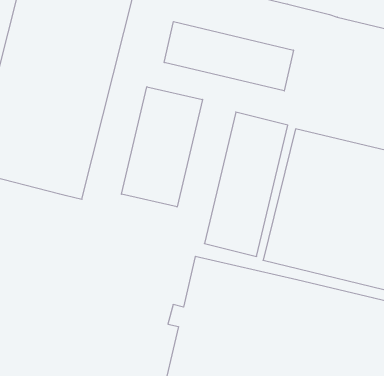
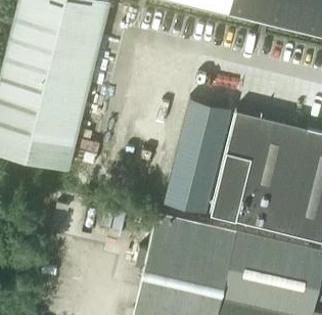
building: [164,22,293,91] -> none
building: [121,87,203,207] -> none

